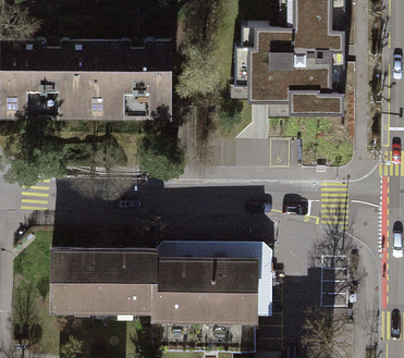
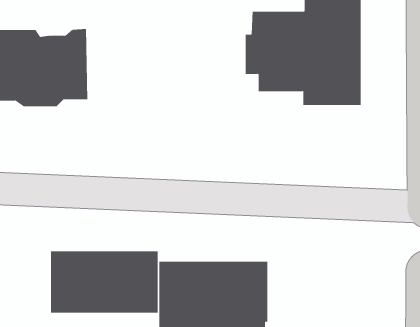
building: [86,41,170,118] -> none
building: [154,244,272,319] -> none

